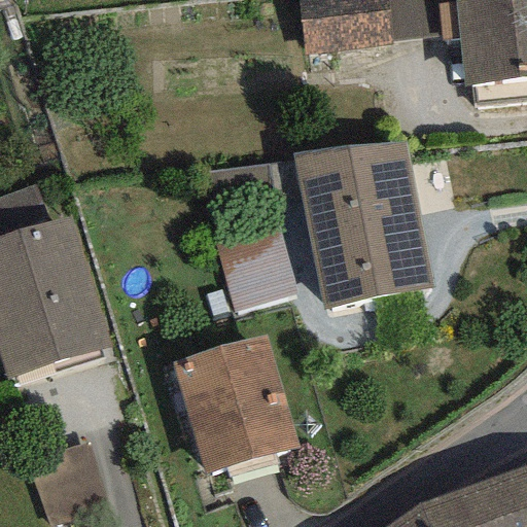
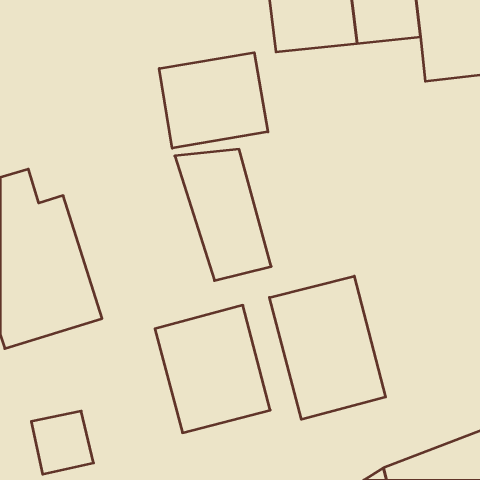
building: none -> [159,53,268,148]
building: [290,139,430,308] -> none
building: none -> [269,276,386,419]

